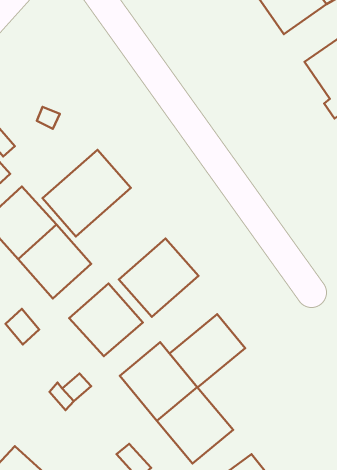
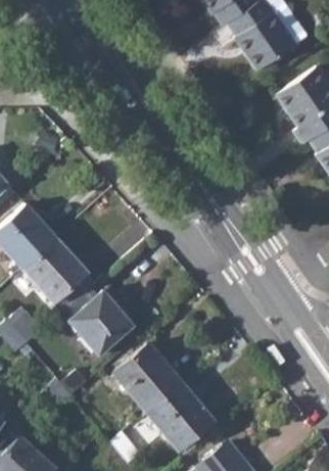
building: [42,150,131,237] -> none
building: [119,239,198,317] -> none
building: [169,314,245,388] -> none

